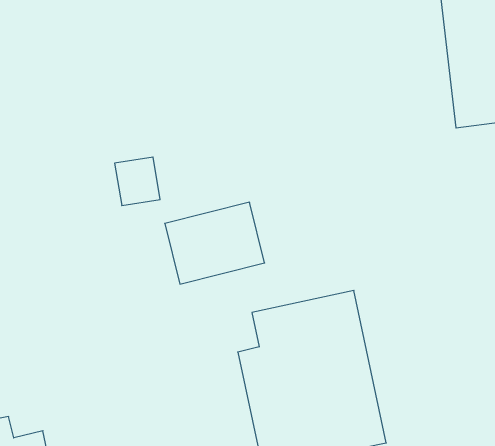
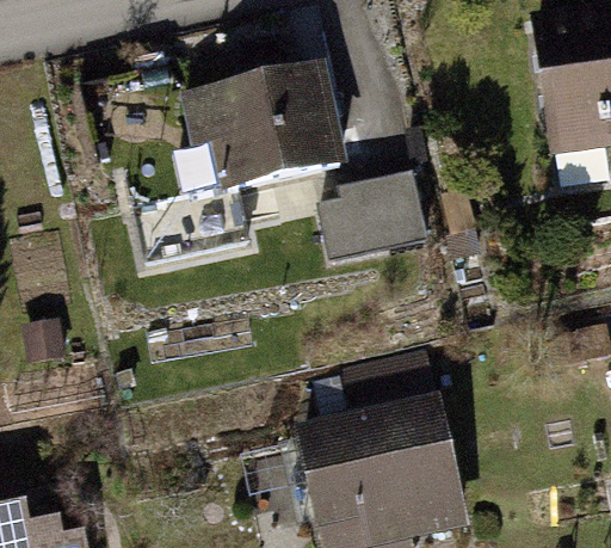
building: none -> [186,60,341,185]
building: [165,202,265,284] -> [314,168,432,265]

